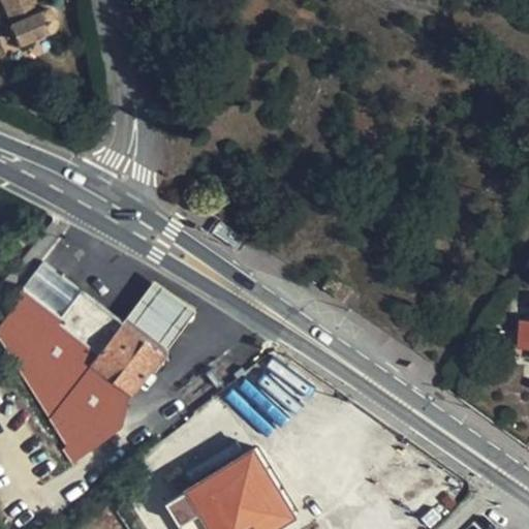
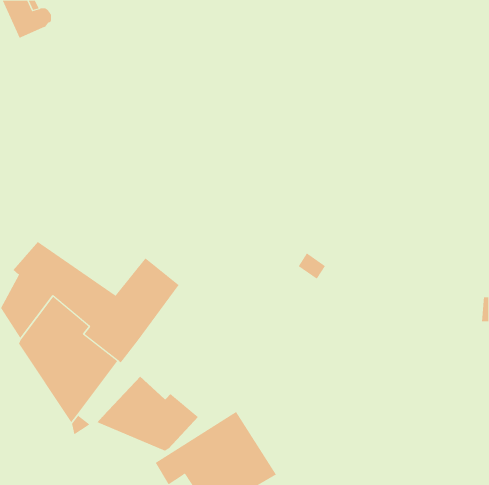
building: none -> [97,376,199,451]

